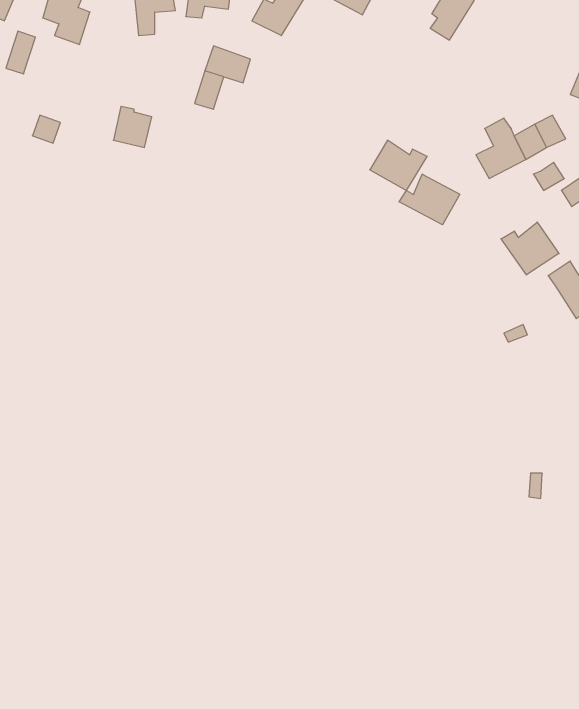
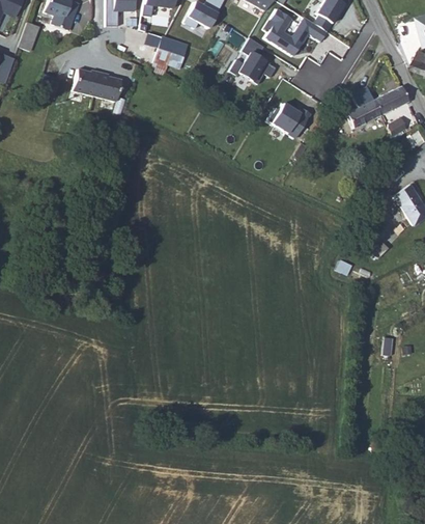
building: none -> [266,6,329,54]
building: none -> [239,49,278,82]
building: none -> [70,74,97,101]
building: [399,174,460,225] -> none
building: [501,222,559,275] -> none

